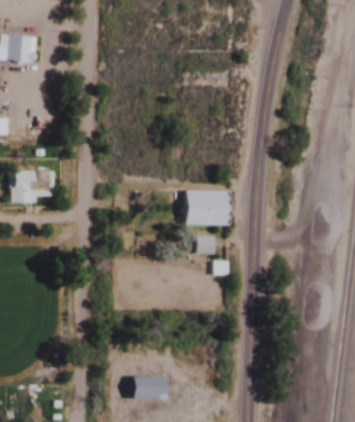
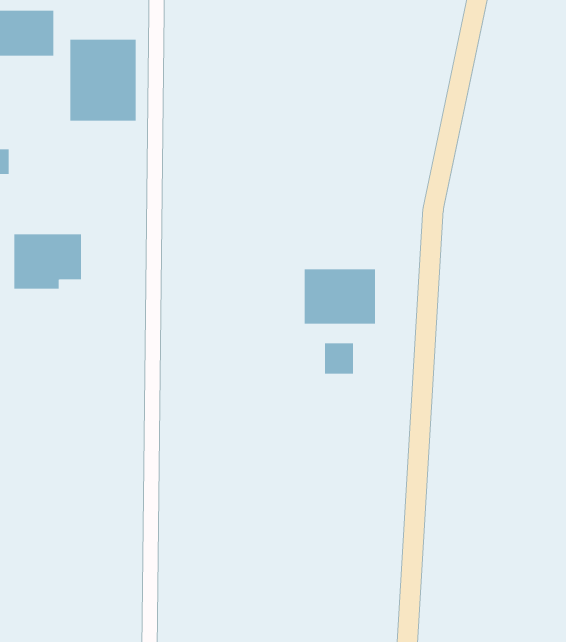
building: none -> [70,39,136,122]
building: [130,376,162,399] -> none

